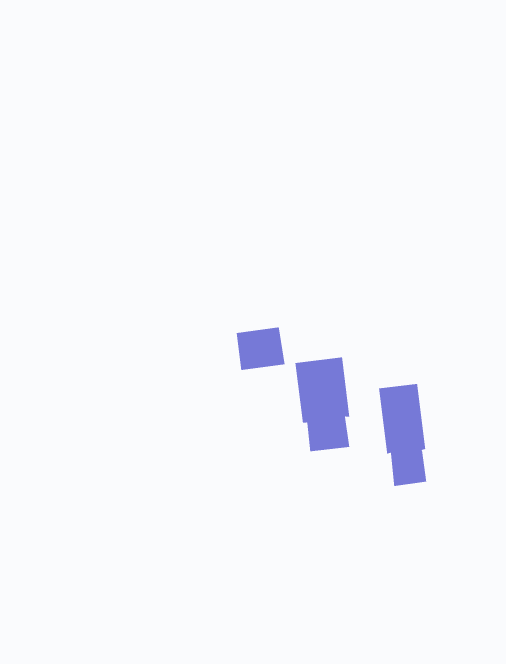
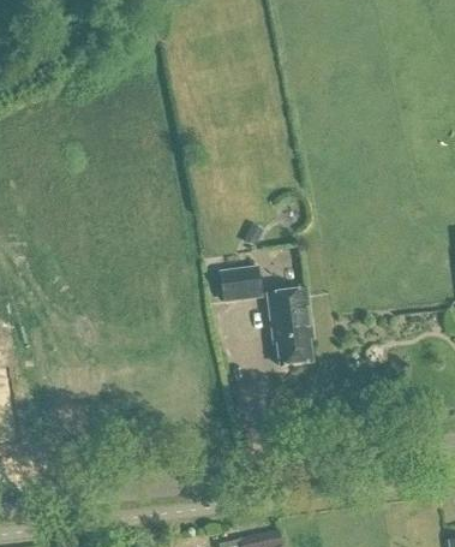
building: [379,383,427,487] -> none

